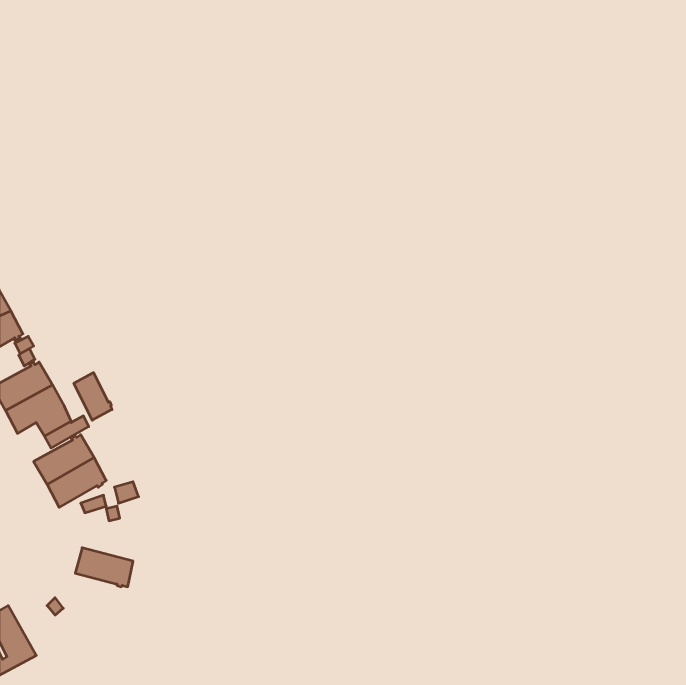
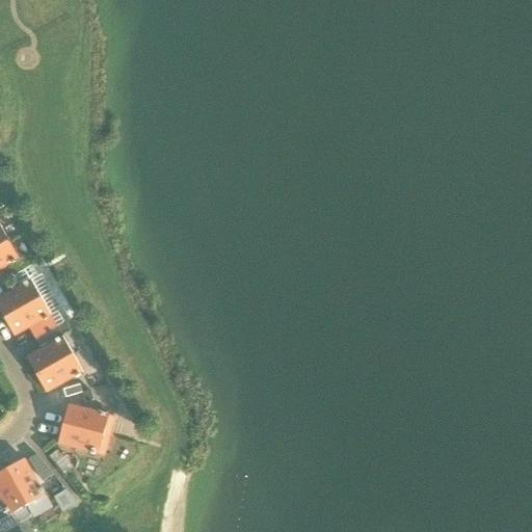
building: [74,373,112,420] -> none
building: none -> [63,404,108,433]
building: none -> [6,458,52,517]

